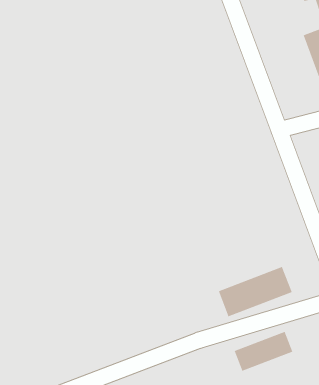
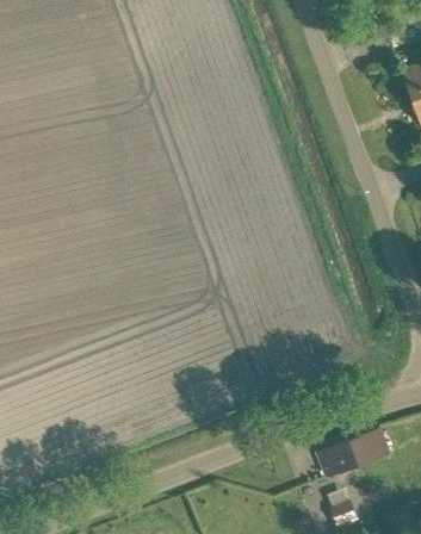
building: [218,266,292,317] -> none

